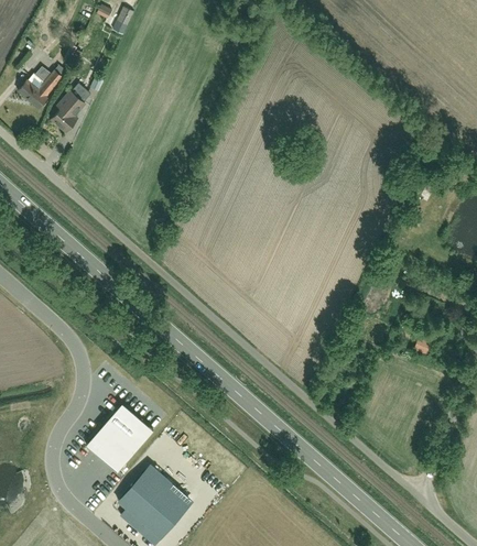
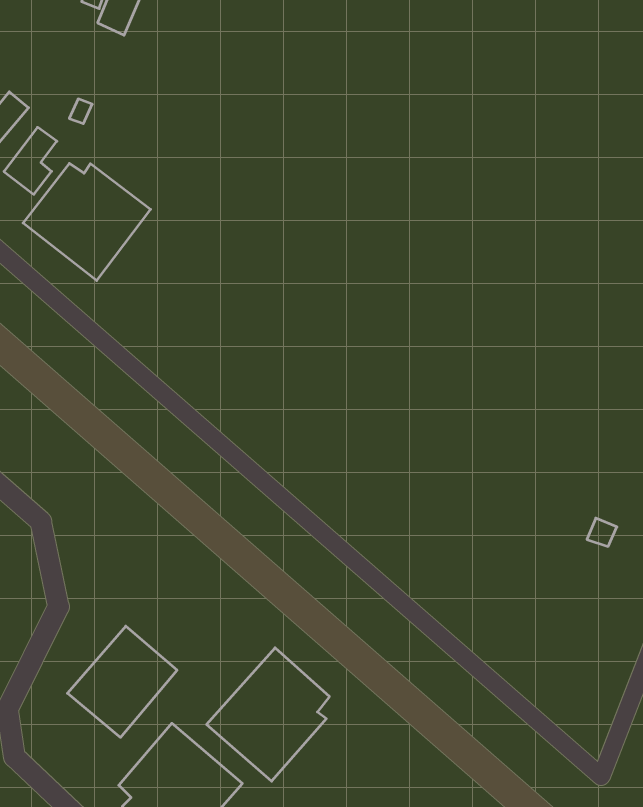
building: none -> [23,163,151,281]
building: none -> [207,648,329,781]

